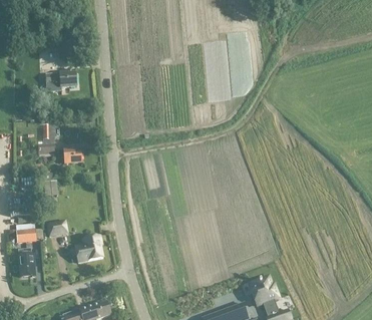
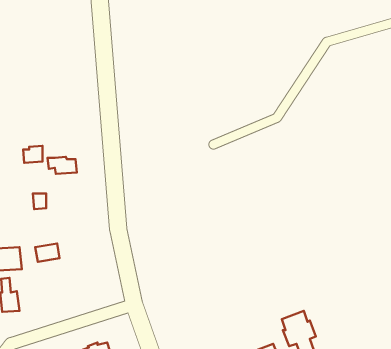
building: [46,70,77,87] -> none
building: [73,235,103,261] -> none

